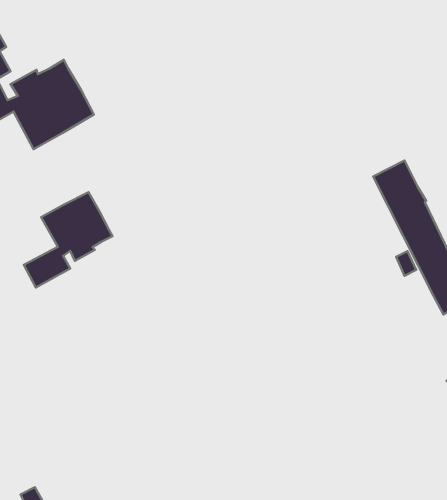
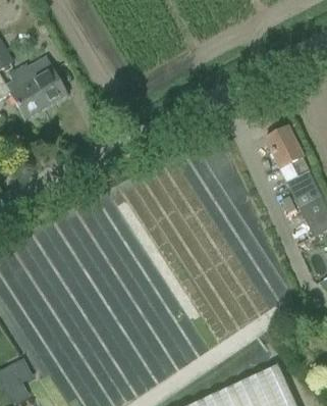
building: [24,192,113,287] -> none

